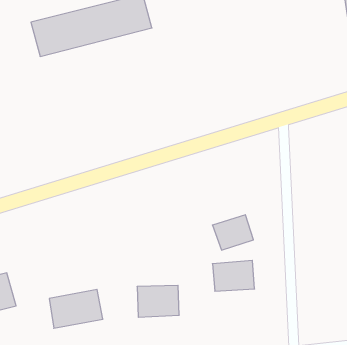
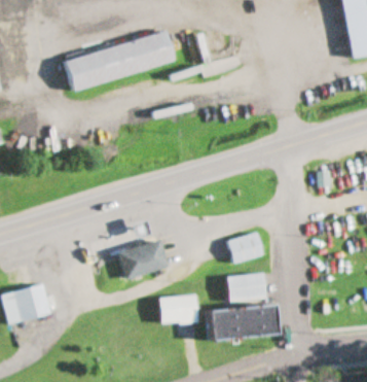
building: [49,289,103,328] -> [118,242,167,277]
building: none -> [208,304,277,340]

